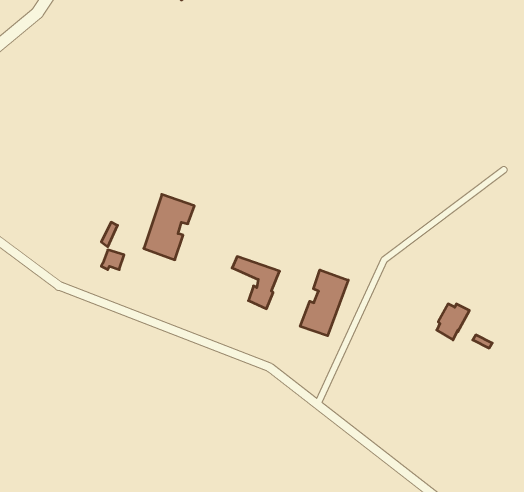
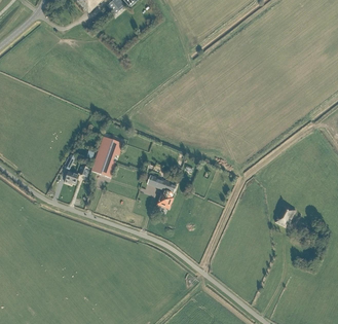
building: [300,270,348,336] -> none

